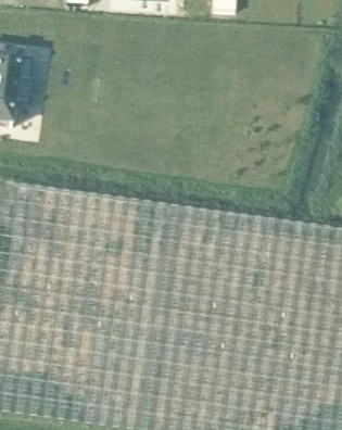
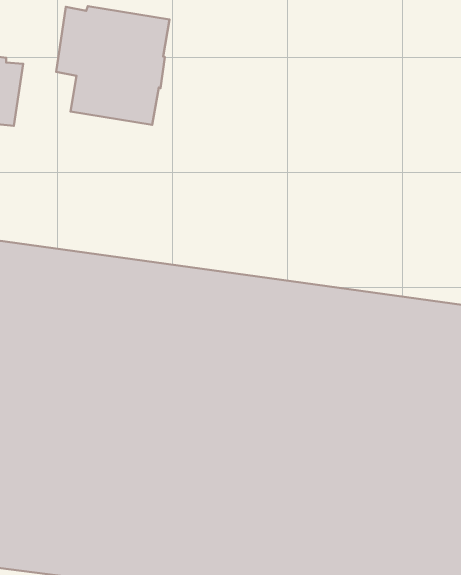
building: none -> [56,6,169,125]

